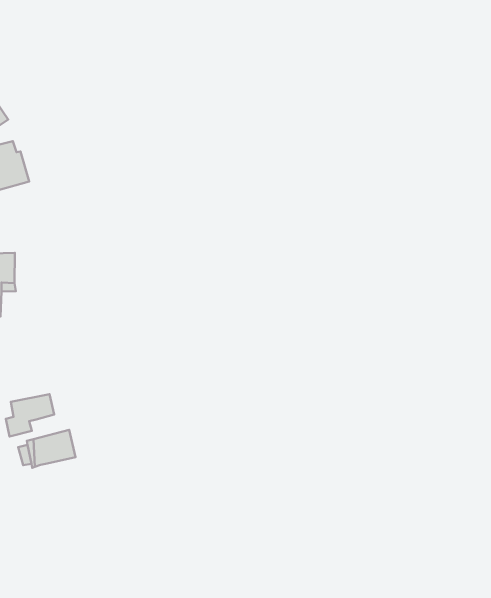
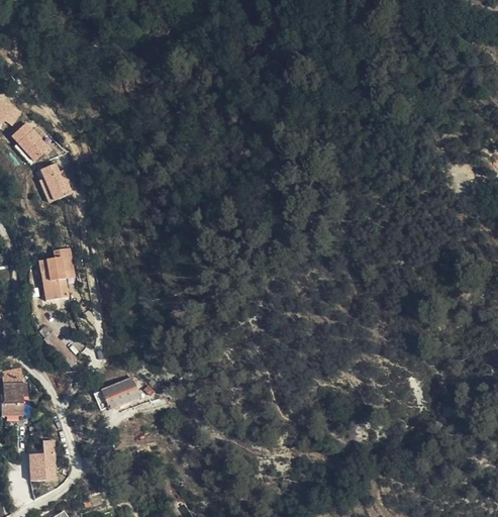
building: [6,394,54,436] -> none

